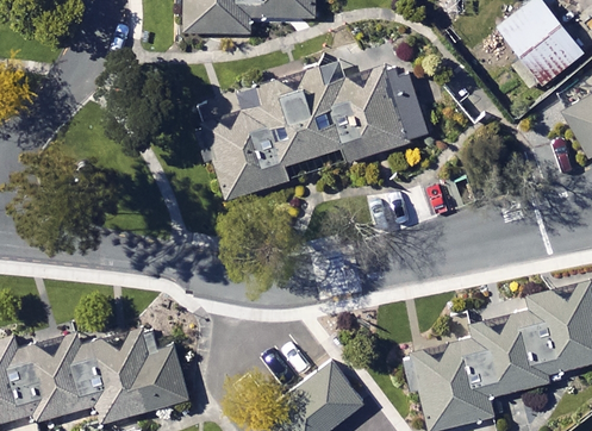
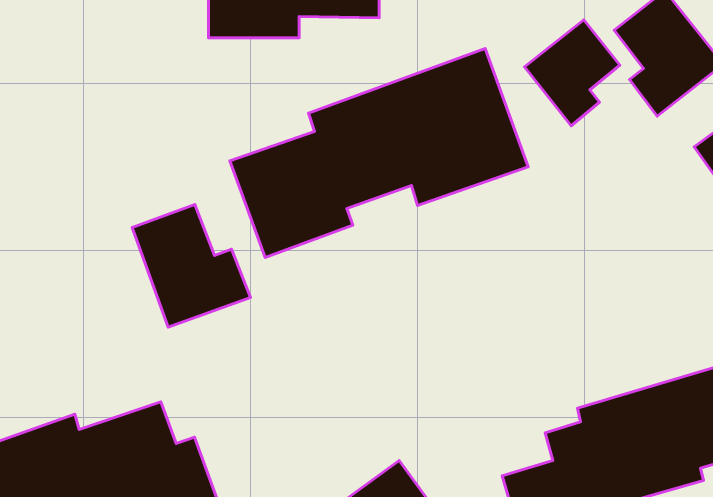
building: none -> [524,20,620,126]
building: none -> [132,205,250,327]

